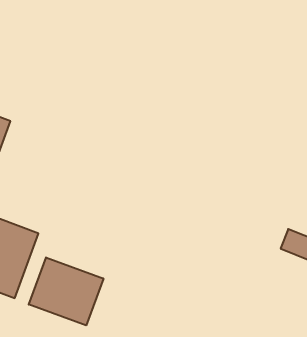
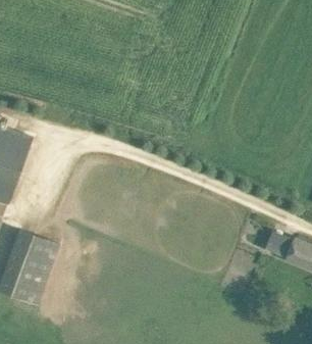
building: [29,257,103,325] -> none

